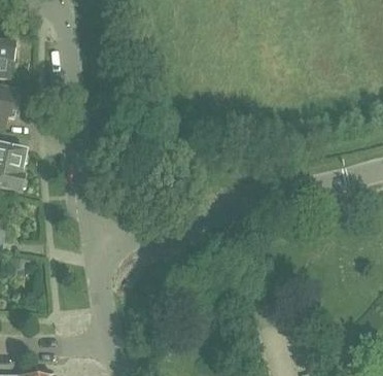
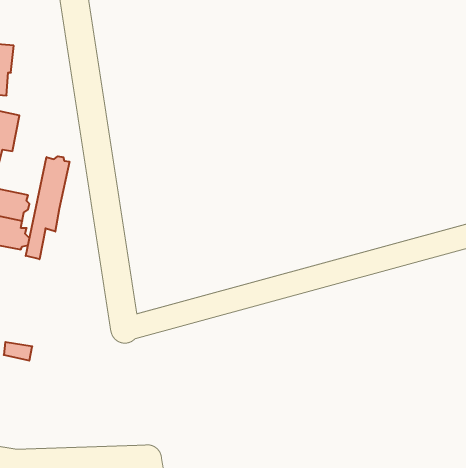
building: none -> [26,156,69,259]

